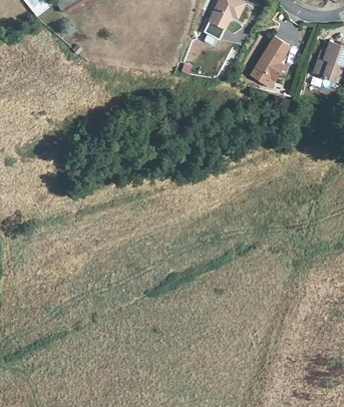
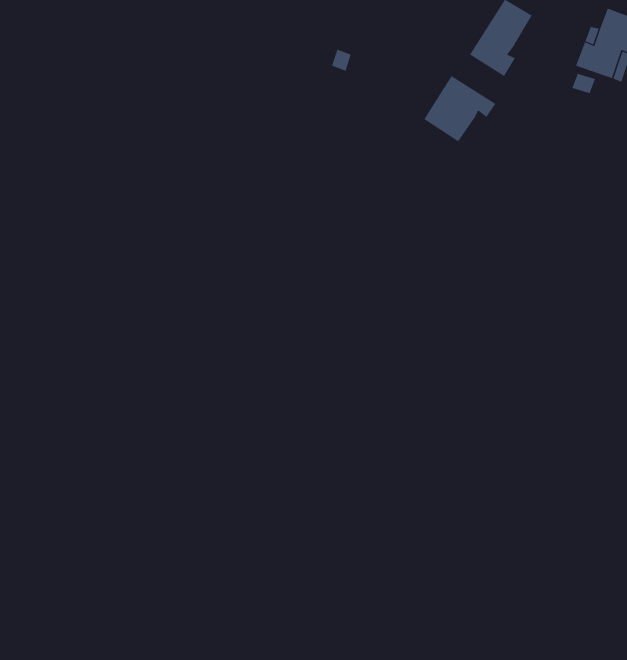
building: none -> [424,75,496,142]

